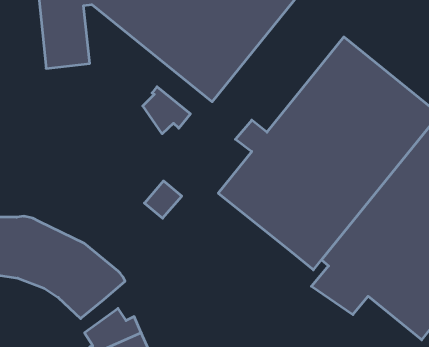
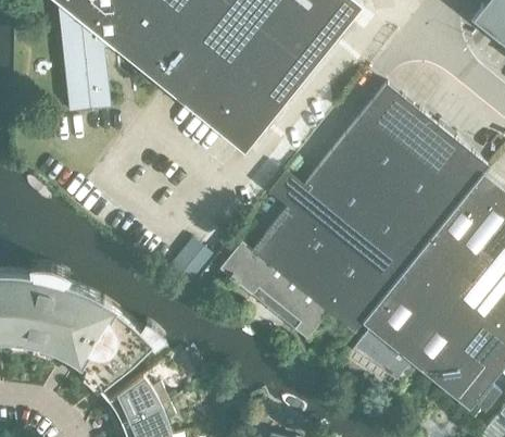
building: [143,87,190,134] -> none
building: none -> [220,241,329,339]

